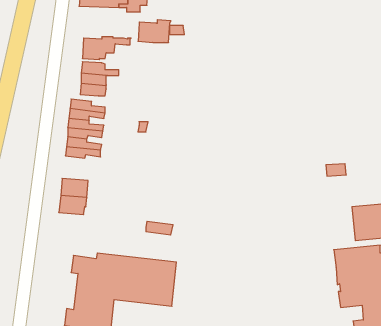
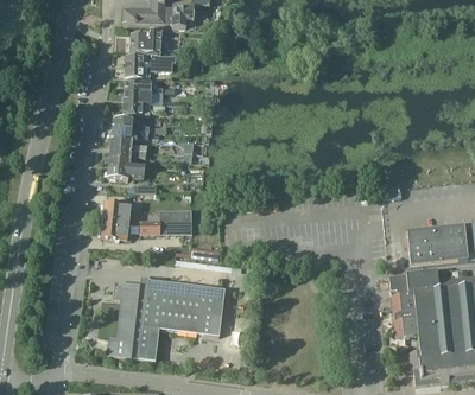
building: [138,20,171,42] -> [131,30,165,53]
building: none -> [140,211,192,235]

